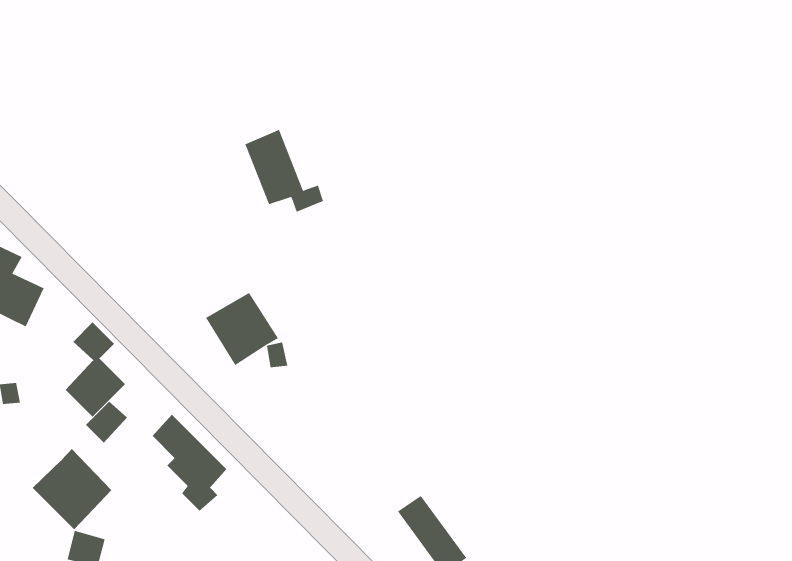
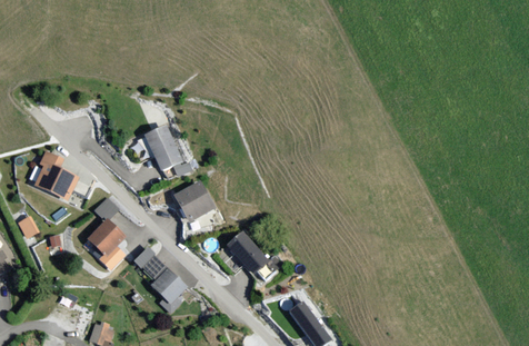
building: [245,129,324,212] -> [144,126,192,176]
building: none -> [227,231,270,276]
building: [32,448,112,530] -> none

